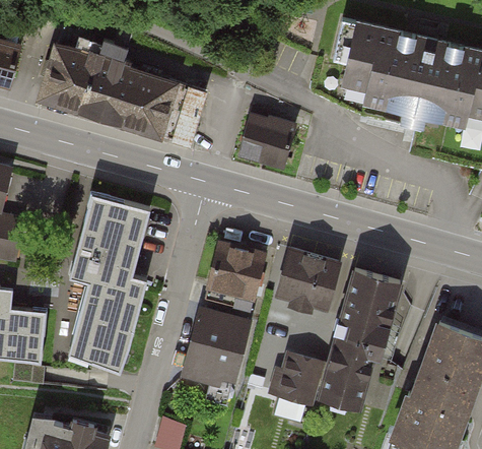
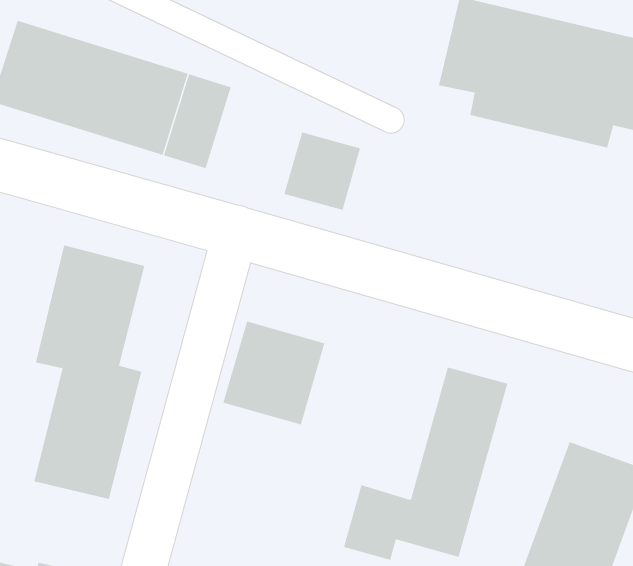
building: [277,253,335,310] -> none
building: [188,309,259,380] -> none

